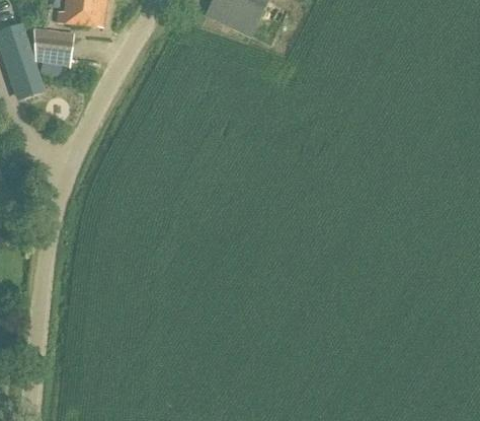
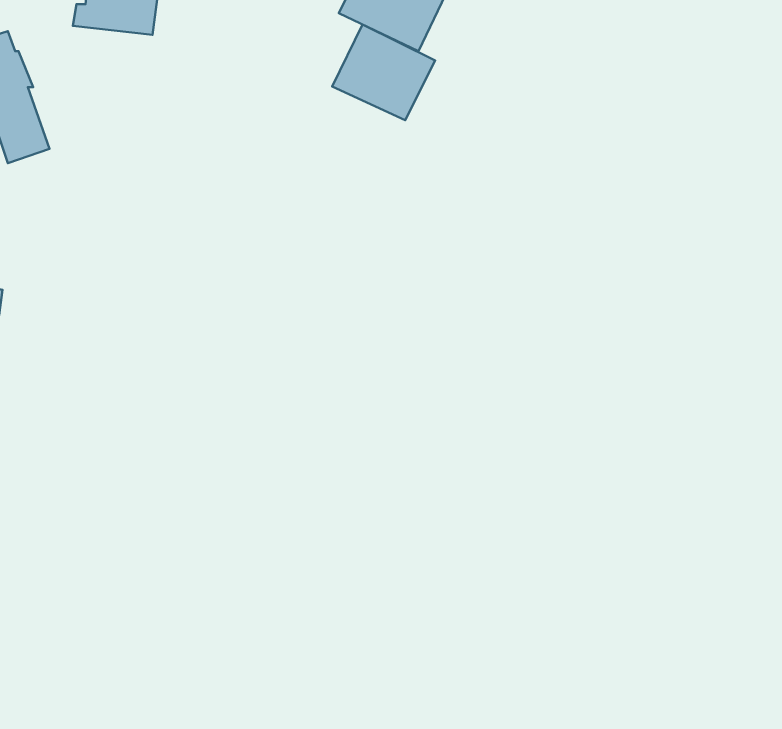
building: none -> [332,24,435,120]
building: [26,26,74,76] -> none

